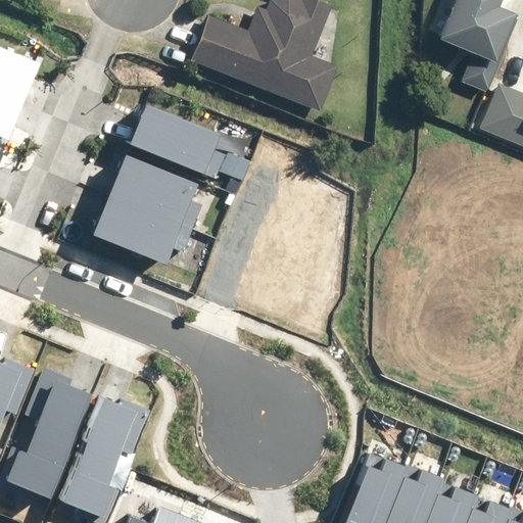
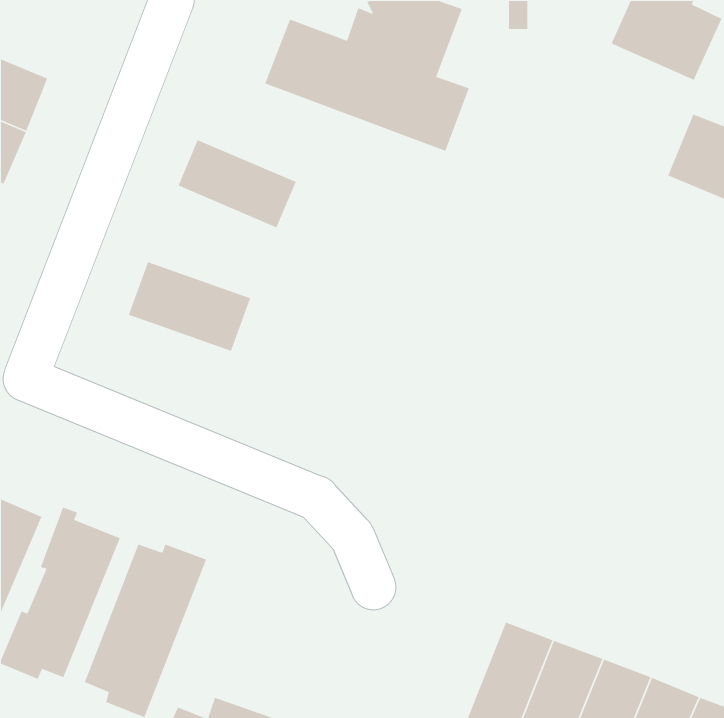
building: [107,153,196,220] -> none

